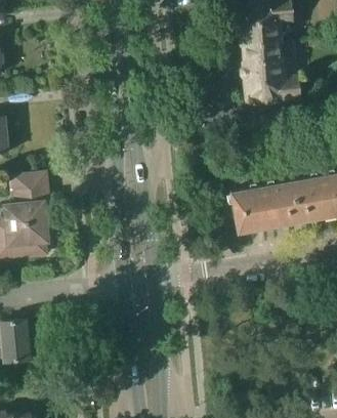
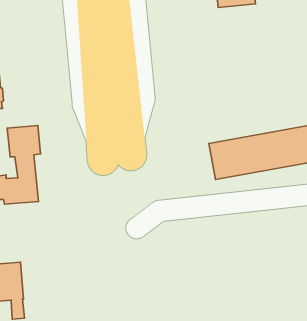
building: [241,43,299,113] -> none

